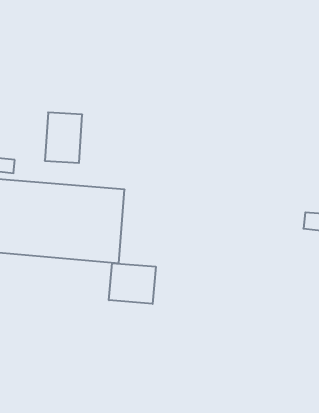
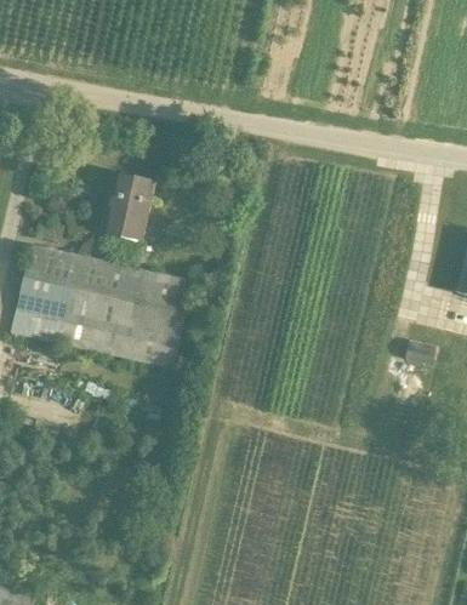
building: [109,263,156,304] -> none

